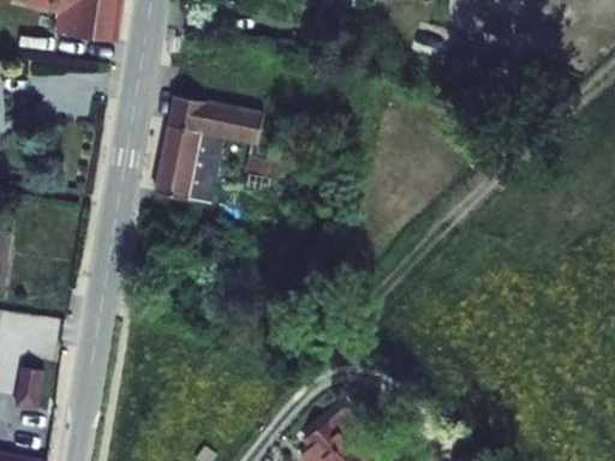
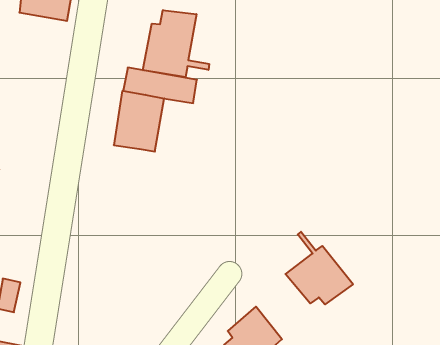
building: none -> [143,10,209,77]
building: none -> [285,232,353,304]

